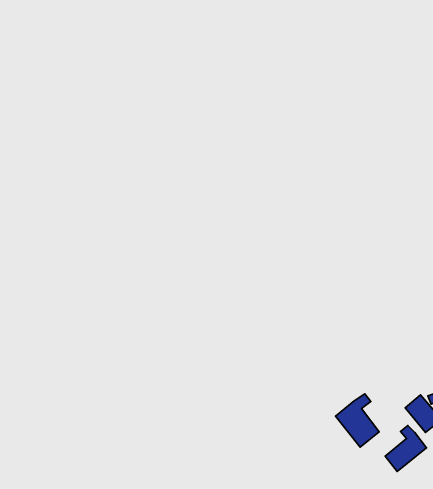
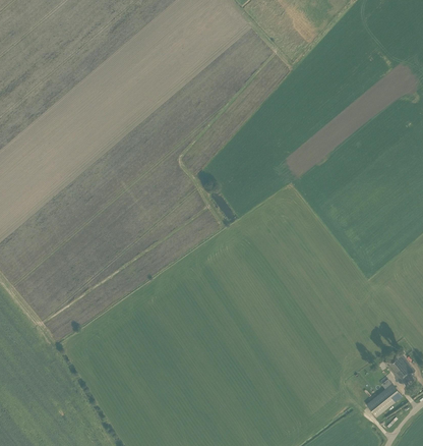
building: [335,394,379,447] -> none

